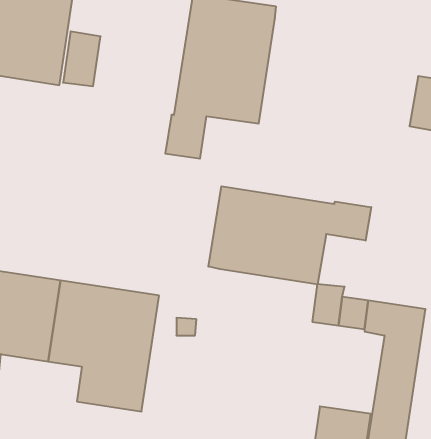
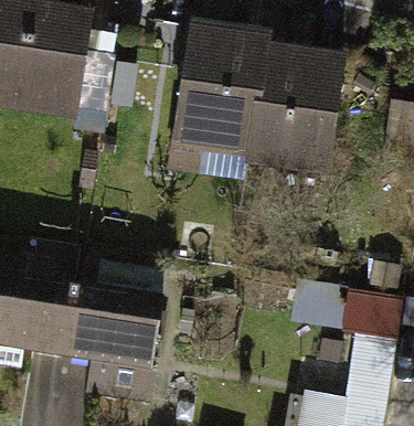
building: none -> [250,50,341,166]
building: [208,186,371,284] -> none

